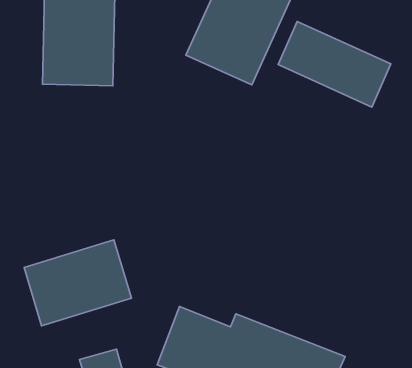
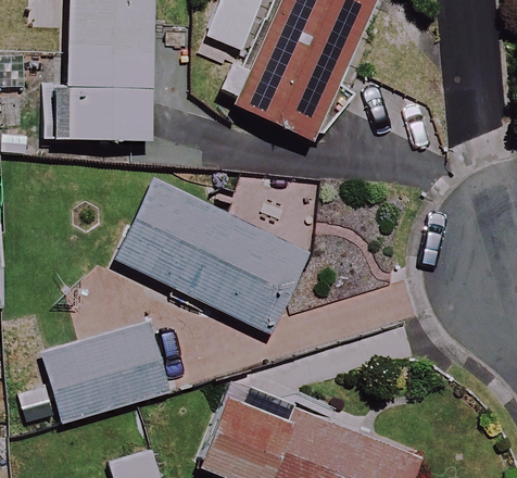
building: [278,21,391,107] -> none
building: none -> [115,179,310,332]

